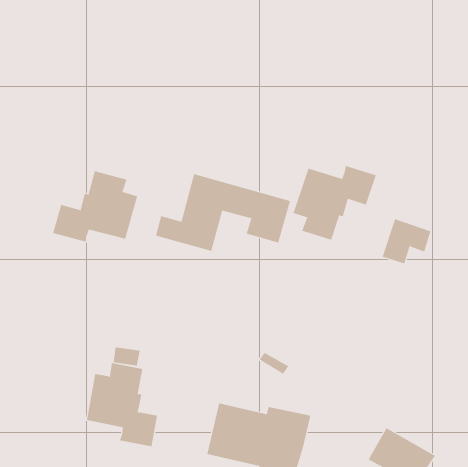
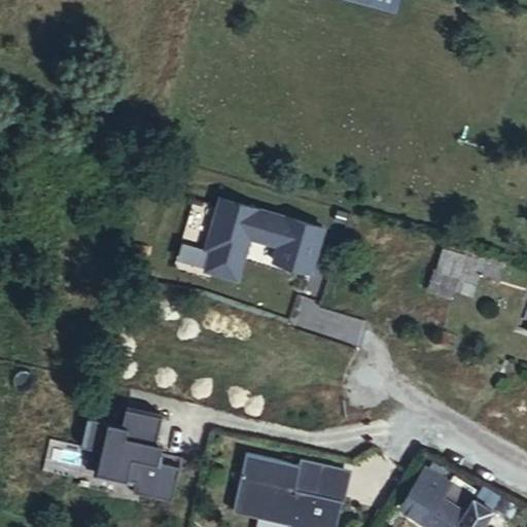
building: [293,165,376,240] -> none
building: [53,170,138,242] -> none

